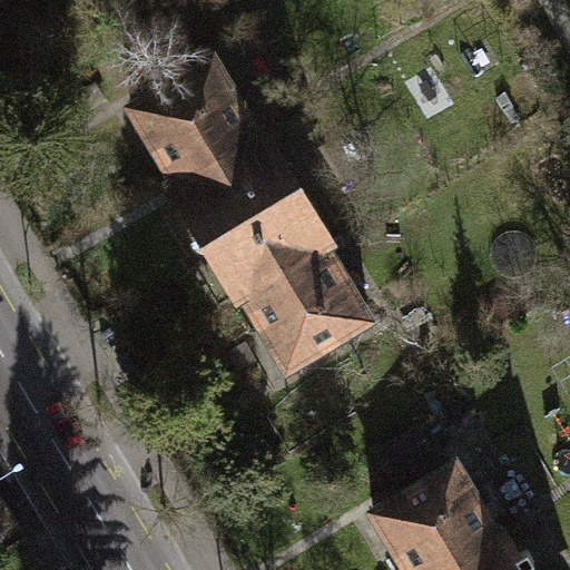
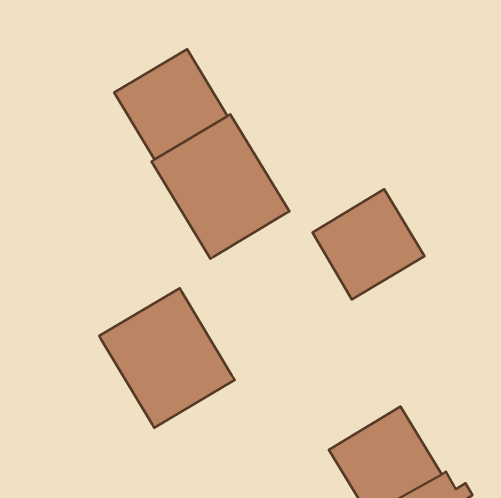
building: [242,247,368,372] -> [312,189,425,299]
building: none -> [99,288,235,428]

